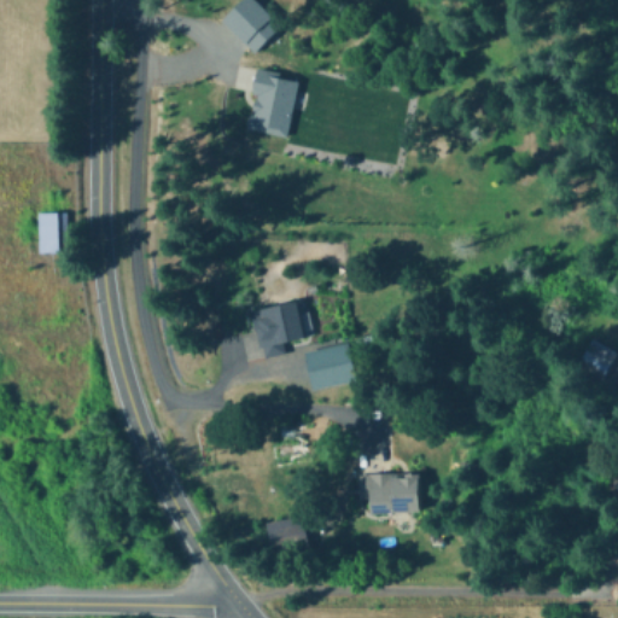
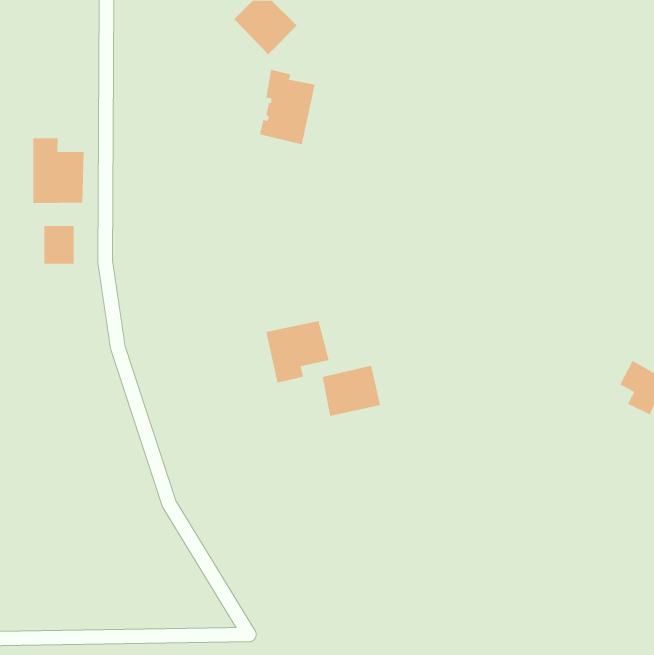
building: none -> [33,137,84,204]
building: [357,473,422,518] -> none
building: [267,517,304,543] -> none

